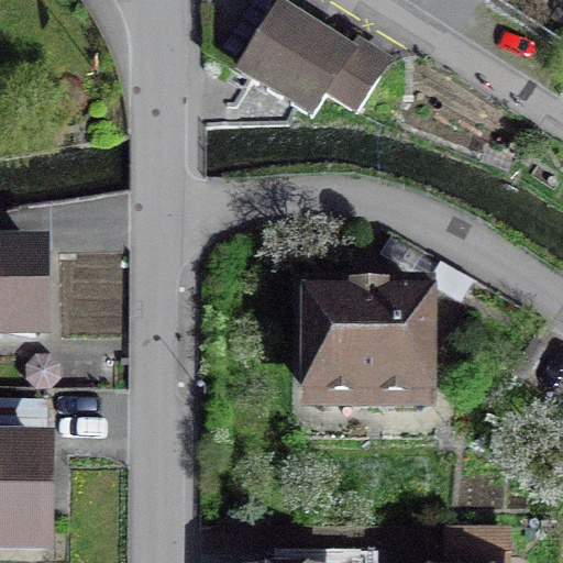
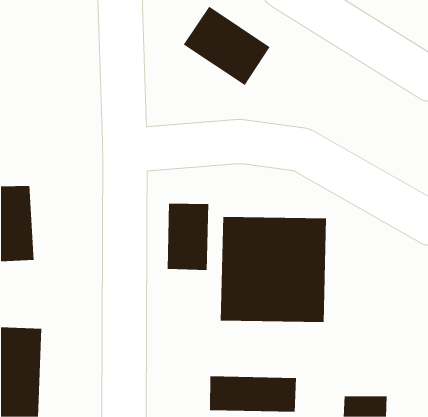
building: none -> [167,203,209,271]
building: none -> [209,375,296,413]

